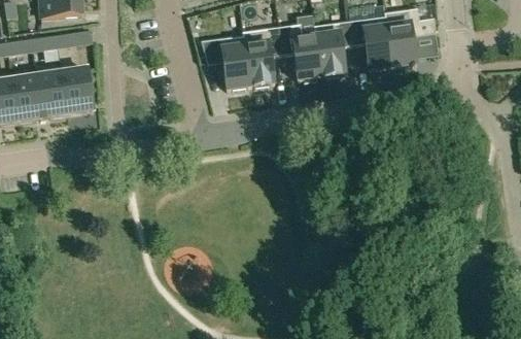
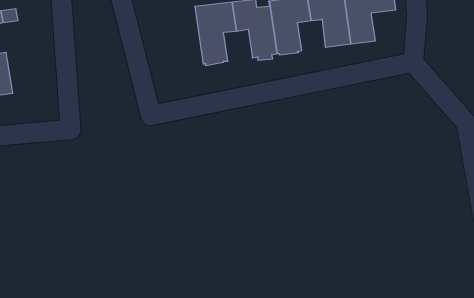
building: [201,30,250,90] -> none
building: [61,71,91,113] -> none

